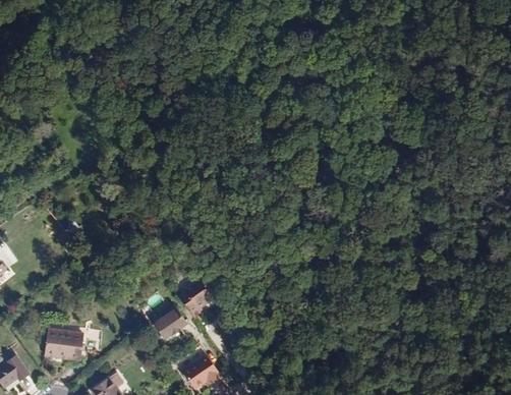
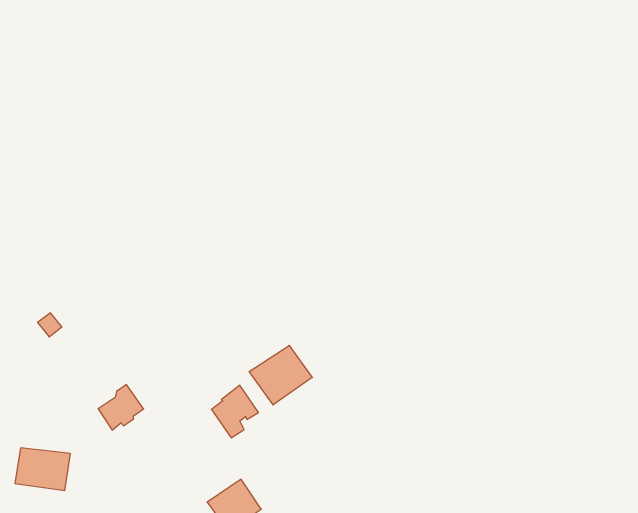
building: none -> [249,345,312,405]
building: [155,302,187,335] -> [98,385,144,430]

